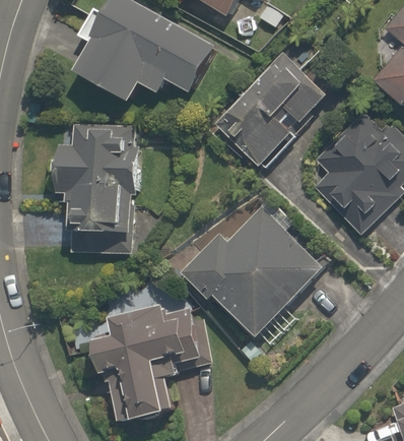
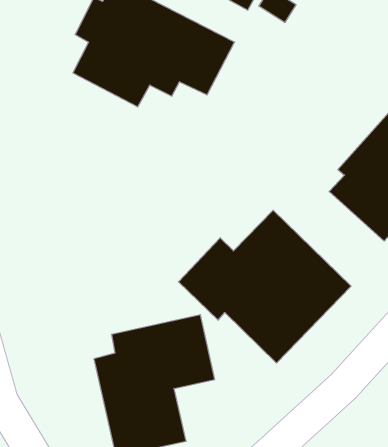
building: [210,48,334,175] -> none
building: [51,118,146,245] -> none

